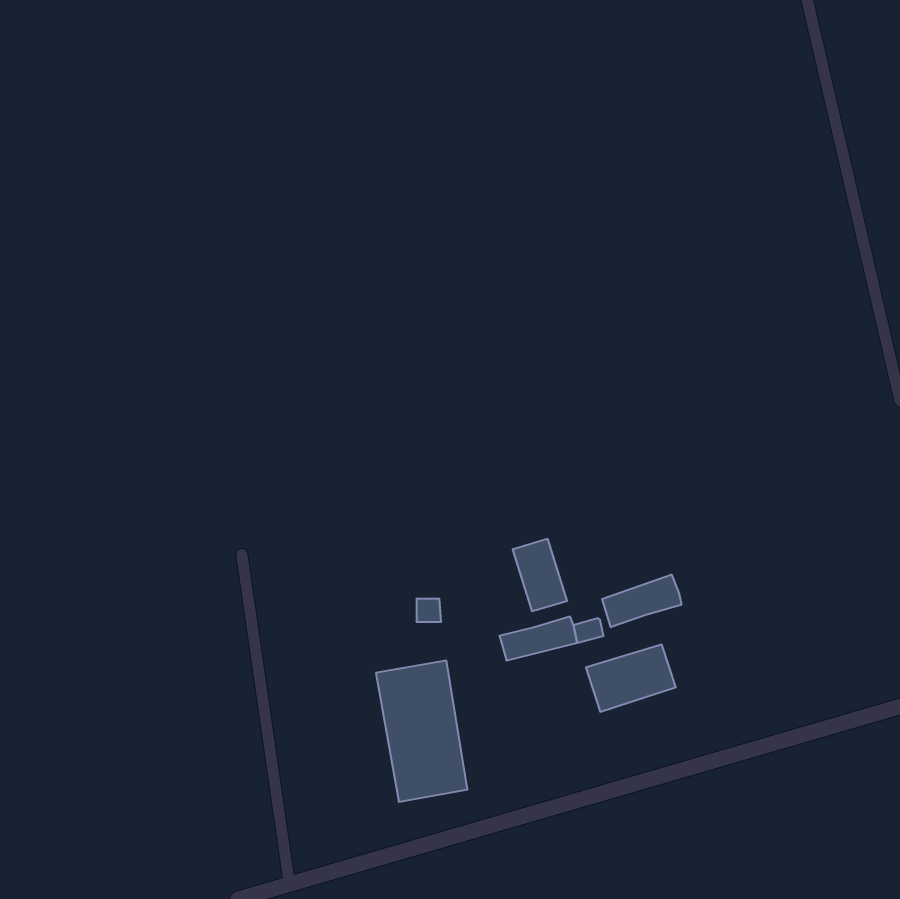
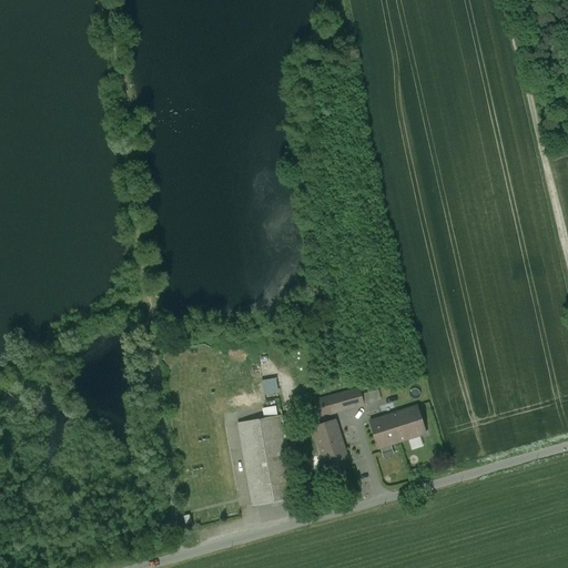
building: [513,539,567,611] -> [312,418,346,464]
building: [602,575,681,627] -> none

